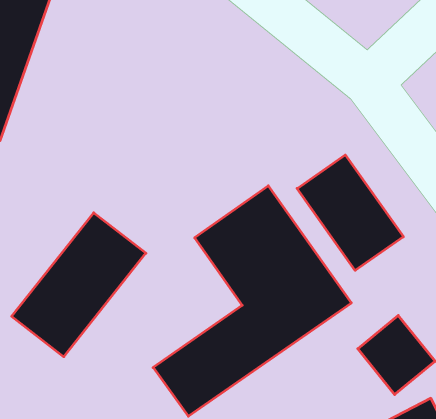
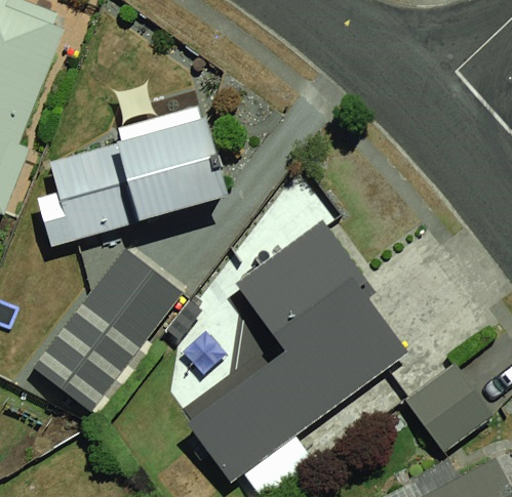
building: none -> [47,106,241,246]
building: [297,155,403,270] -> none

